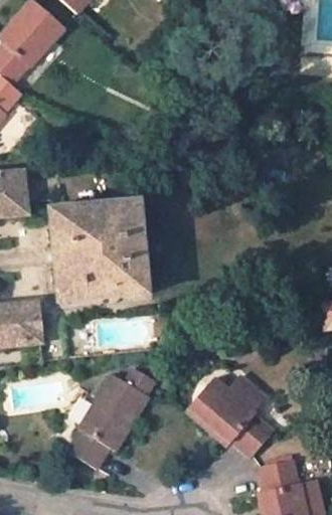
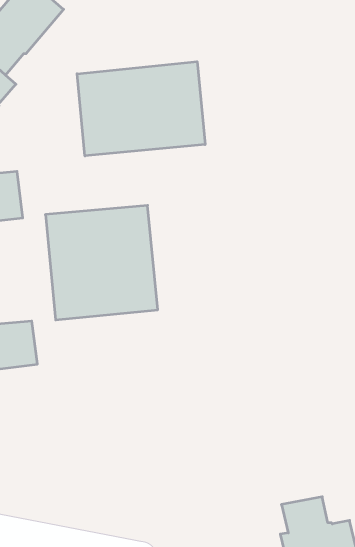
building: none -> [77,62,205,156]
building: [68,367,155,468] -> none
building: [186,376,273,457] -> none

